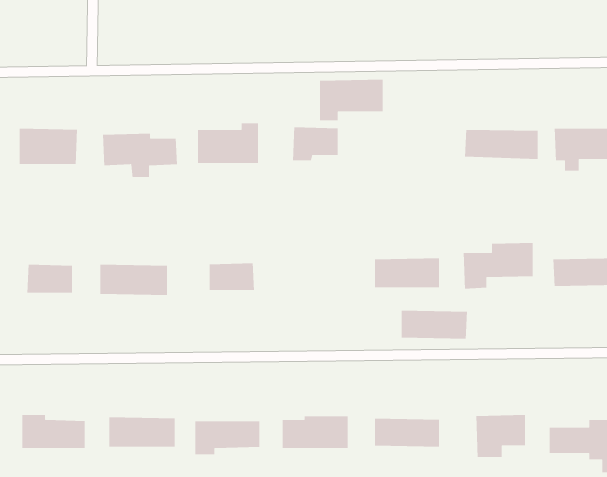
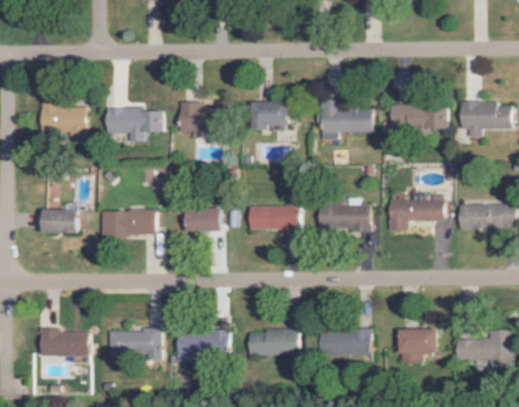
building: [319,79,383,121] -> [321,105,372,139]
building: [401,310,468,339] -> [247,207,300,230]

